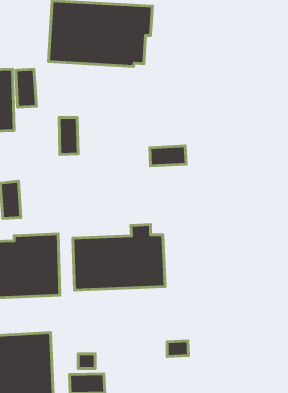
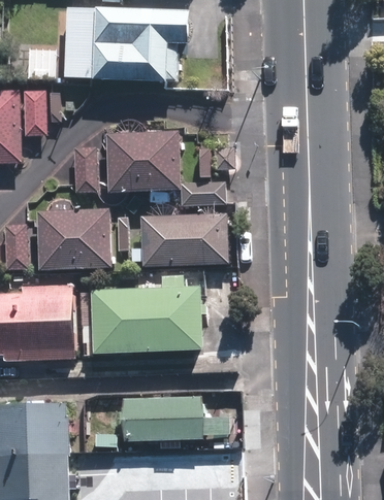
building: none -> [106,131,181,192]
building: none -> [38,208,110,268]
building: none -> [140,212,228,265]
building: none -> [122,396,202,441]

